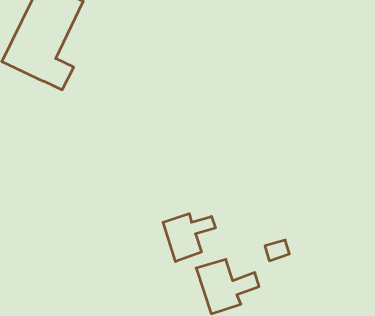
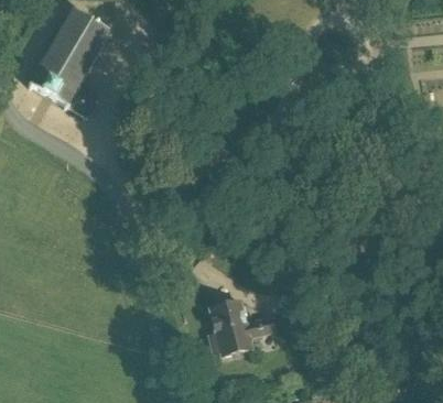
building: [163,214,215,262] -> none

